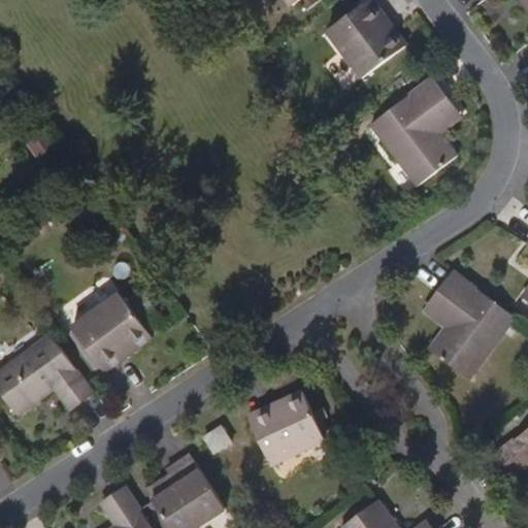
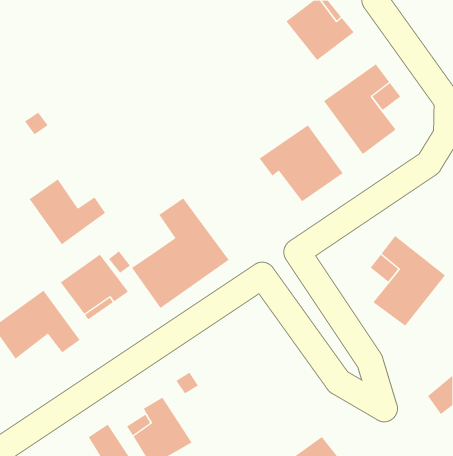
building: none -> [259,125,344,202]
building: none -> [29,178,106,245]
building: none -> [131,197,229,309]
building: [246,396,321,467] -> none

